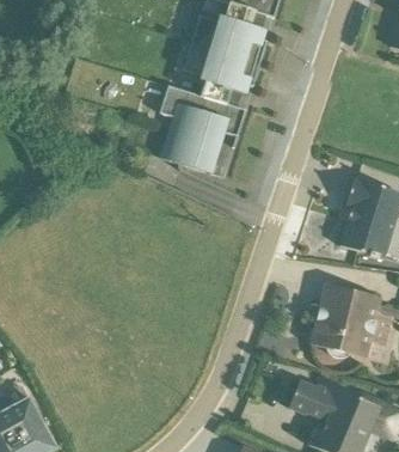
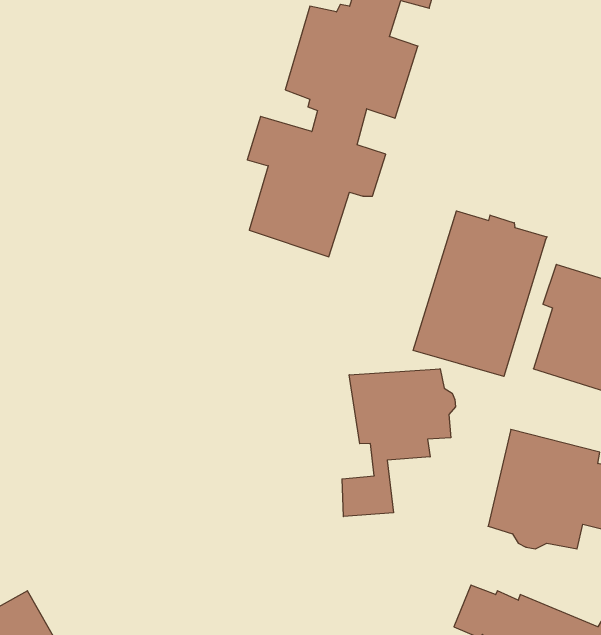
building: none -> [413,211,547,376]
building: none -> [342,369,455,517]

